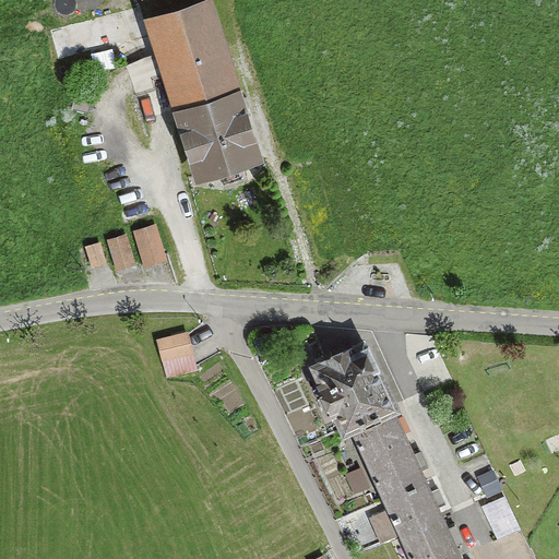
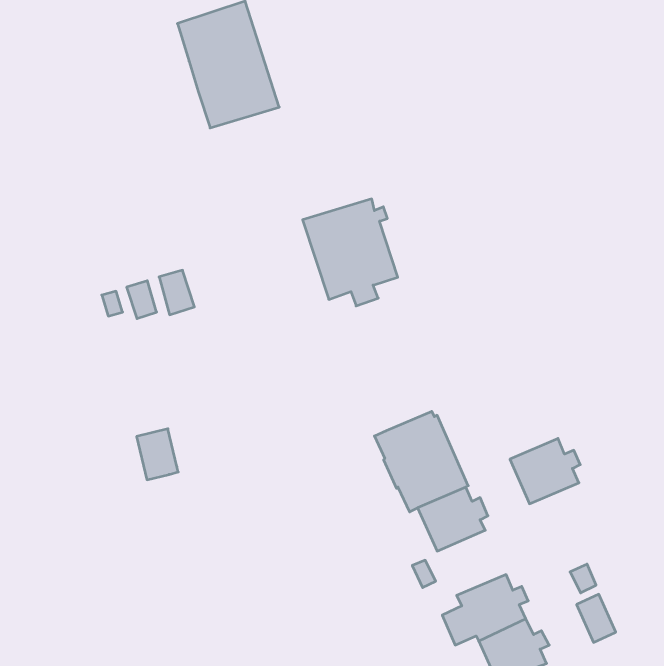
building: [176,91,255,180] -> [303,199,398,306]
building: [157,334,192,377] -> [137,429,178,480]
building: [366,444,425,499] -> [510,438,580,504]

